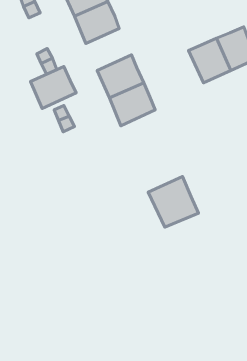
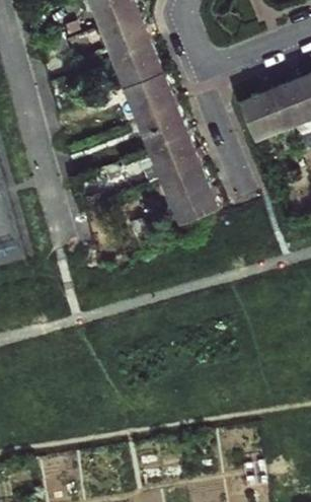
building: [31,66,76,109] -> [124,76,176,125]
building: [148,177,198,227] -> [164,170,222,229]

